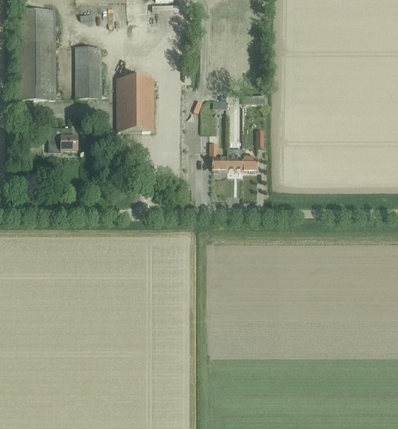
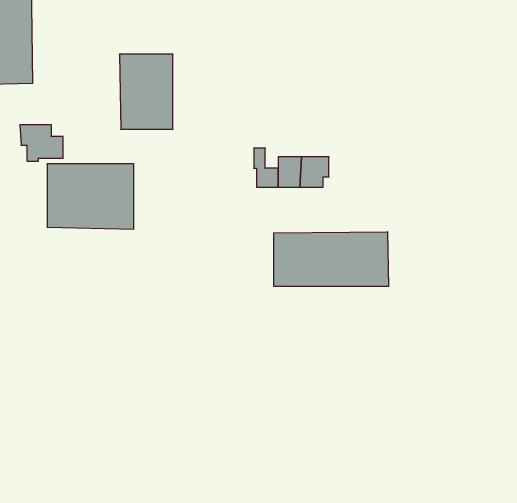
building: [74,46,101,98] -> none
building: none -> [47,164,133,229]
building: none -> [274,232,389,286]

